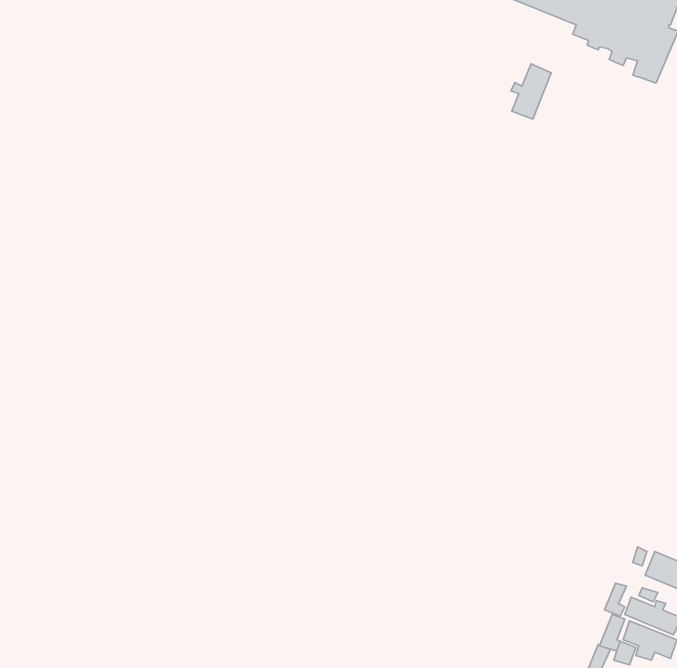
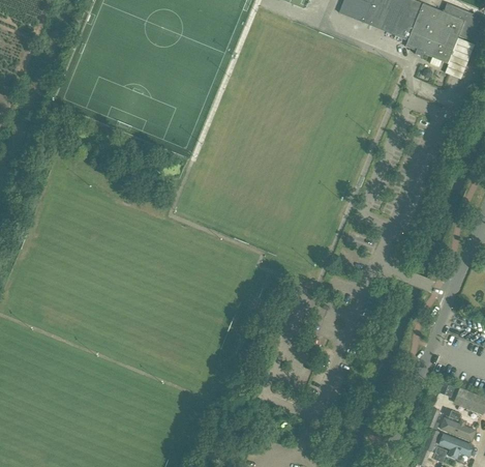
building: [511,64,551,119] -> none

